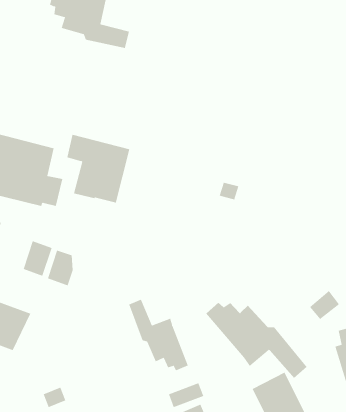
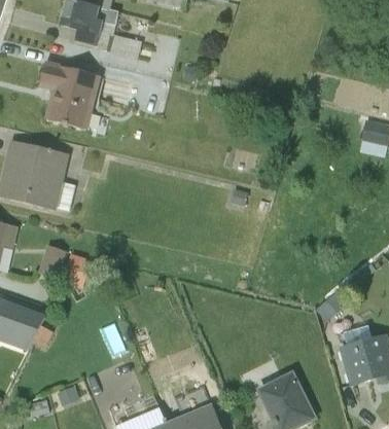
building: [67,134,130,203] -> [39,62,101,129]
building: [129,299,189,371] -> none
building: [206,302,307,379] -> none

